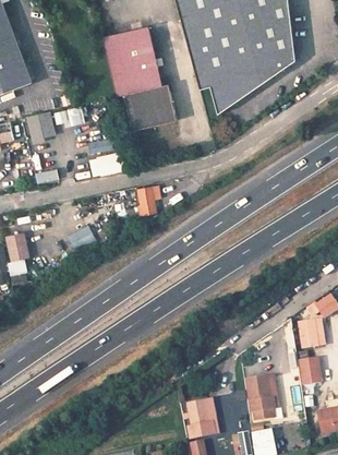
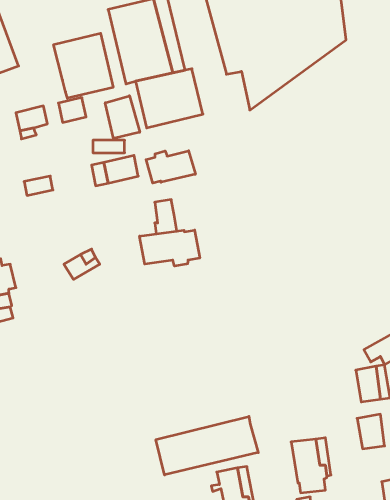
building: none -> [54,33,113,98]
building: none -> [105,96,140,138]
building: none -> [146,151,195,183]
building: none -> [140,230,200,266]
building: none -> [156,416,258,475]

